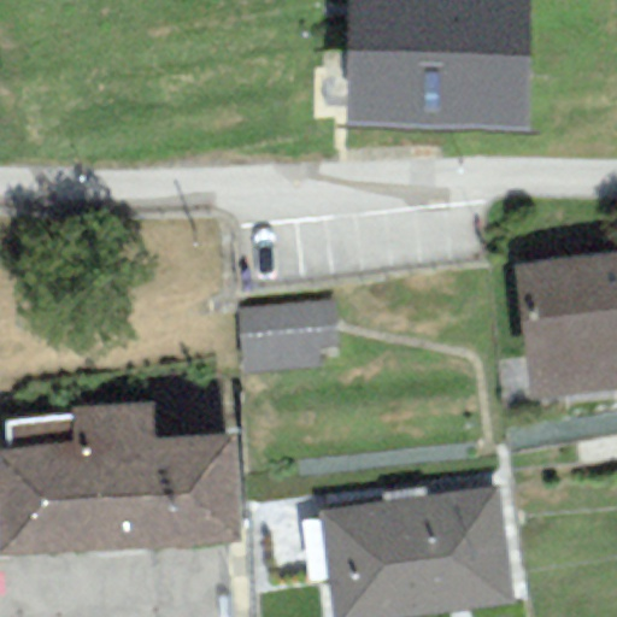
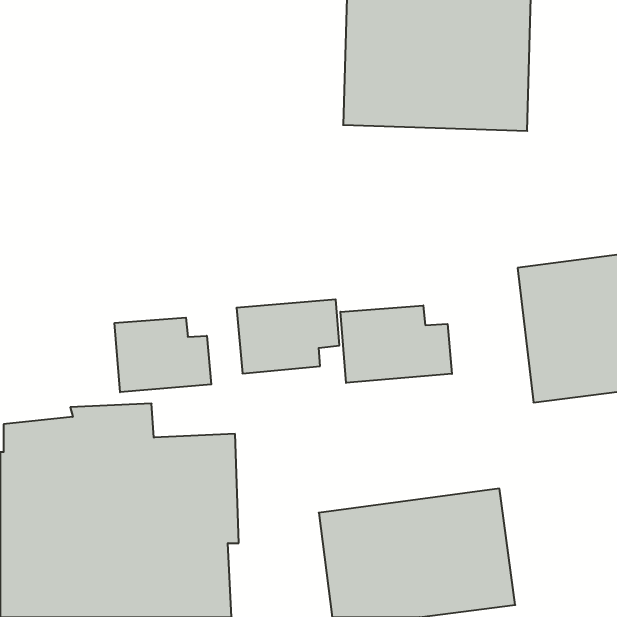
building: none -> [340,305,452,383]
building: none -> [115,318,211,392]

